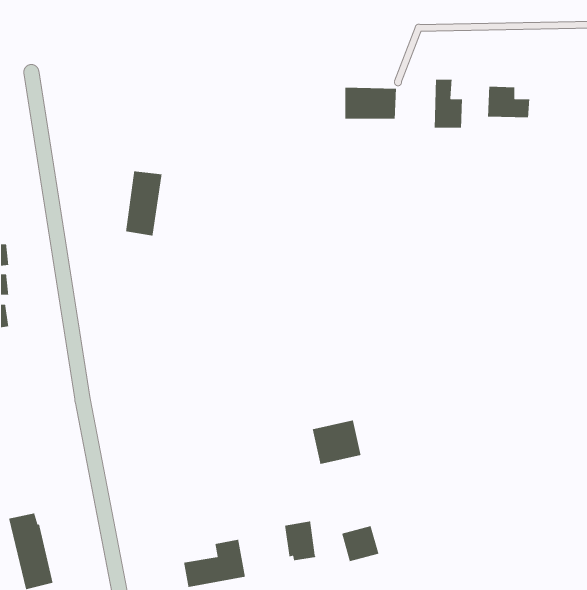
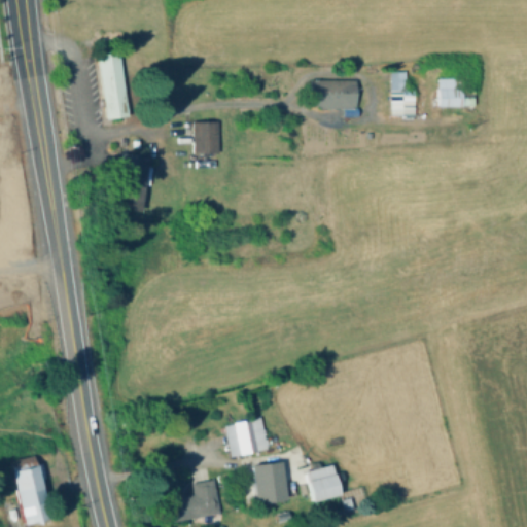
building: none -> [98,54,130,121]
building: none -> [192,121,219,154]
building: [312,420,362,465] -> [224,417,269,457]

